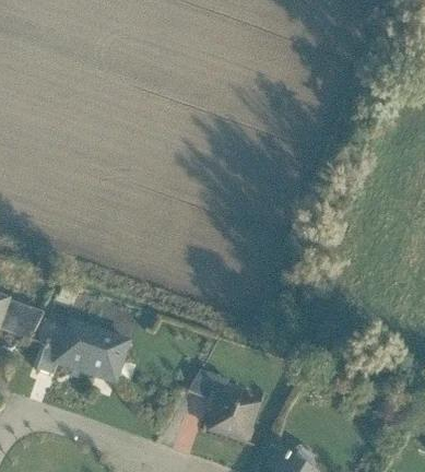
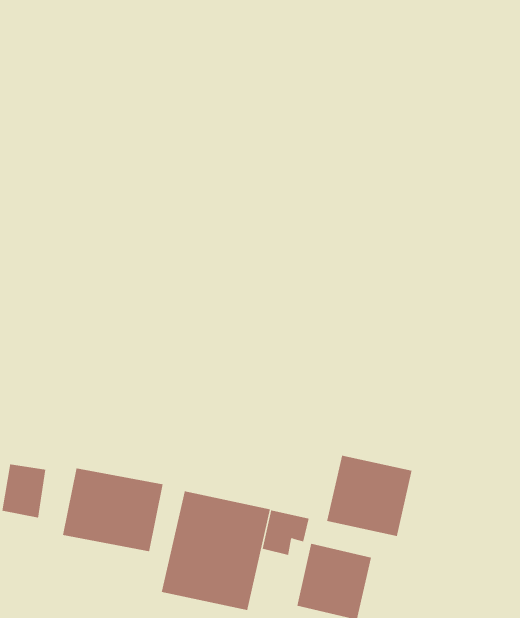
building: none -> [327,455,412,537]
building: none -> [161,491,271,611]

